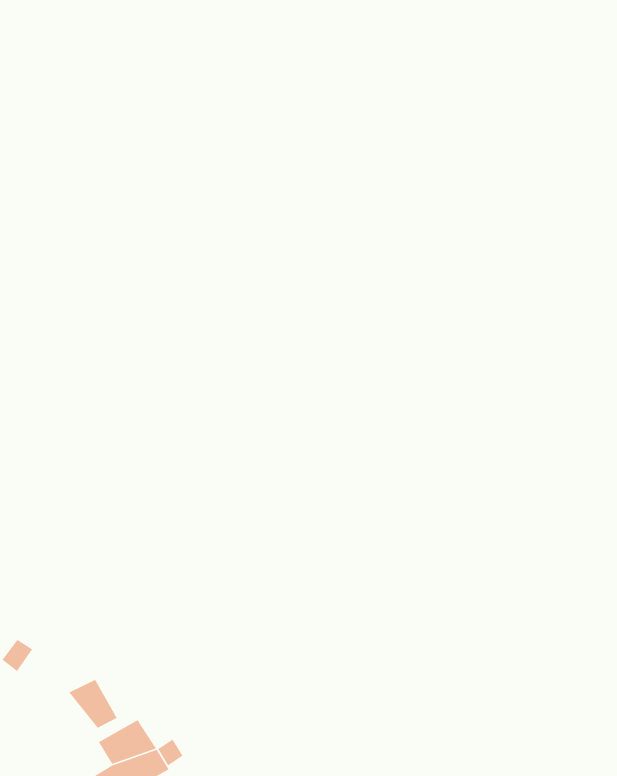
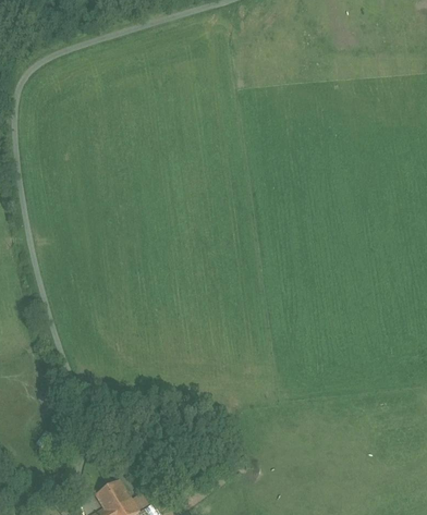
building: [68,679,118,729] -> none

